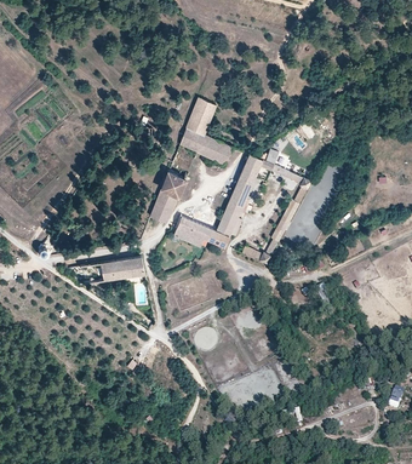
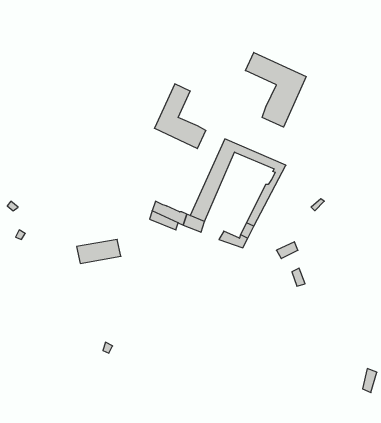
building: none -> [245,52,306,127]
building: [149,171,187,223] -> none

